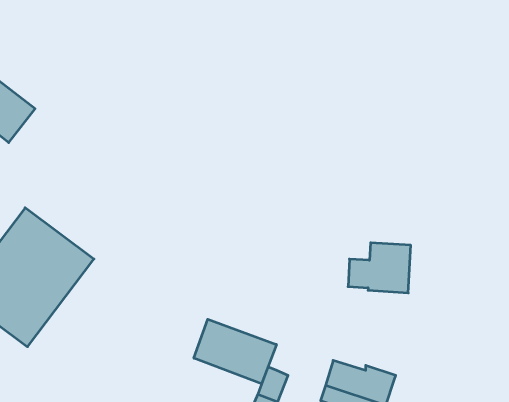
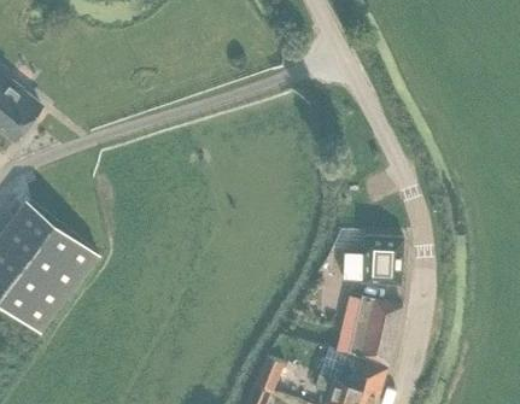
building: none -> [347,297,402,364]
building: [194,319,276,384] -> none

